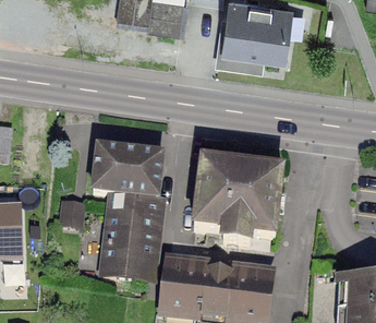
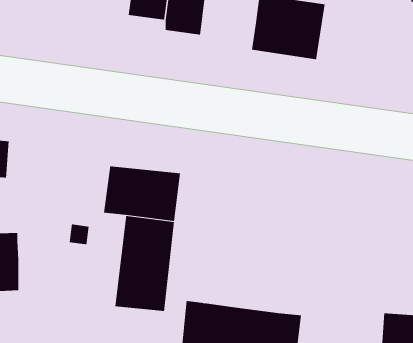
building: [194,162,282,244] -> none

